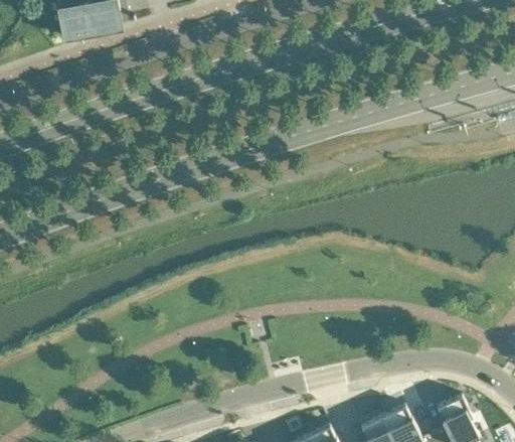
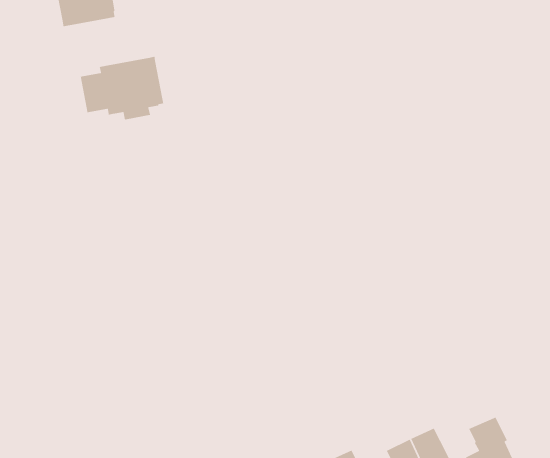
building: none -> [80,56,164,122]

